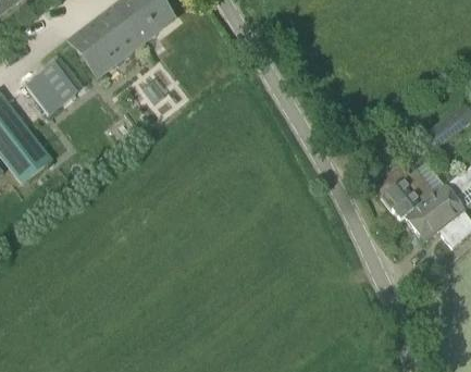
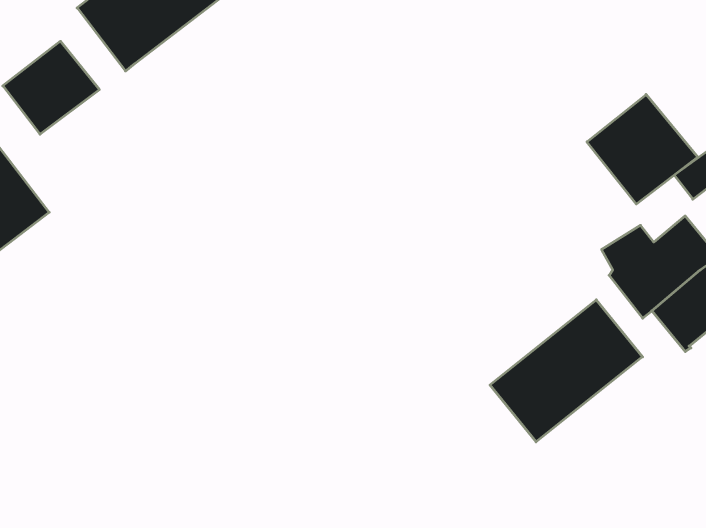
building: none -> [587,94,698,204]
building: none -> [490,300,643,442]

